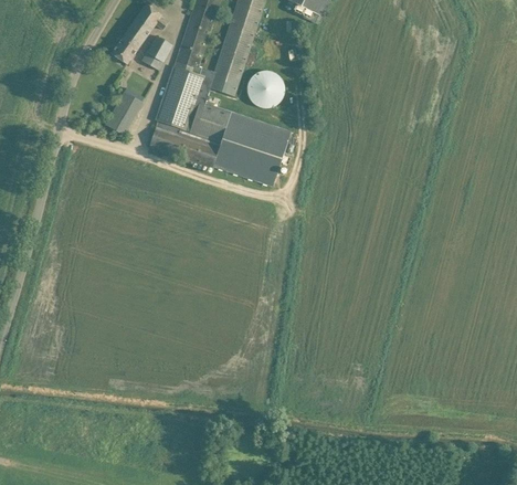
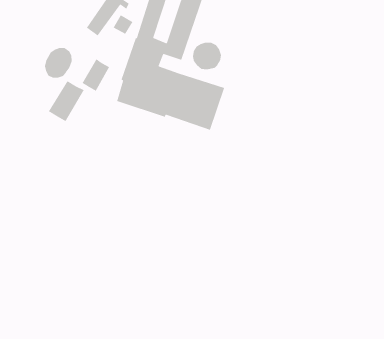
building: none -> [44,47,73,79]
building: none -> [48,80,85,122]

